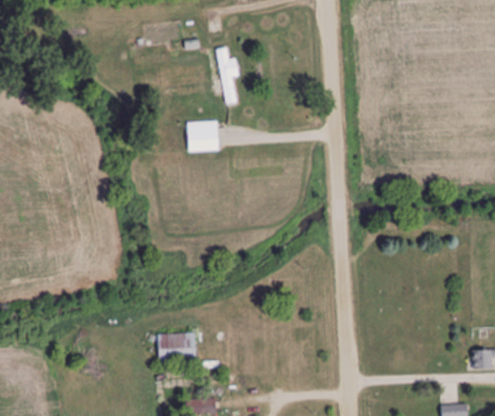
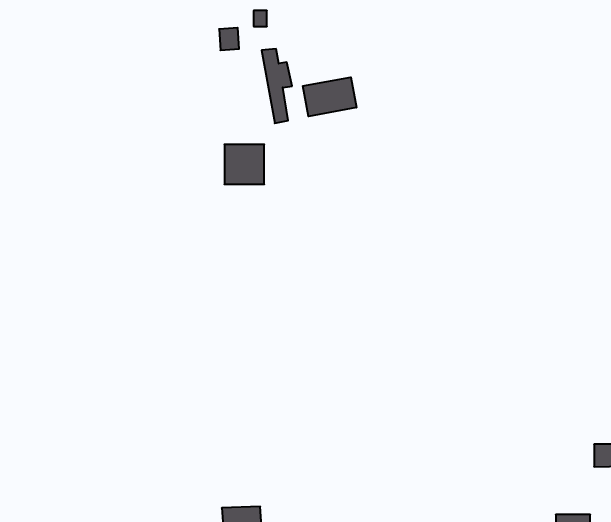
building: none -> [303,77,356,116]
building: [159,336,196,361] -> none

